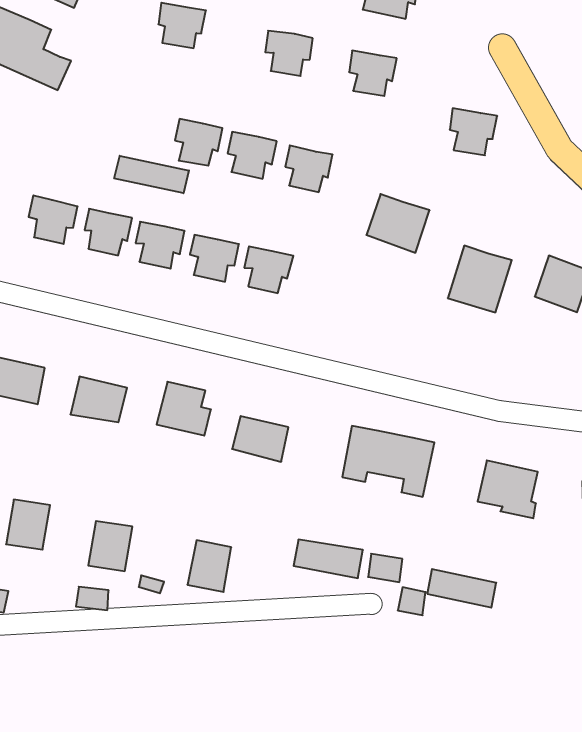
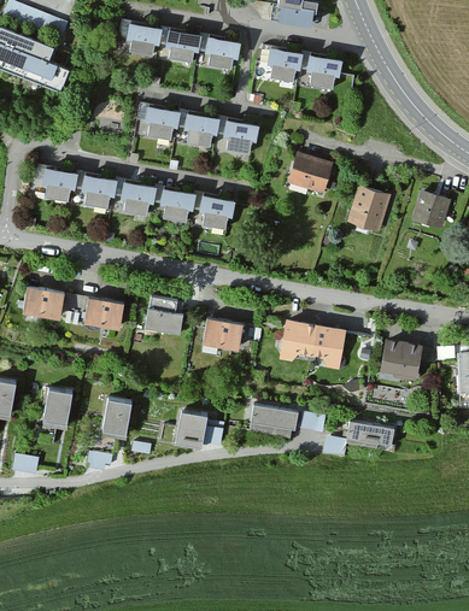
building: none -> [165,31,199,63]
building: [450,108,497,155] -> [306,58,340,90]
building: [114,156,189,193] -> none

